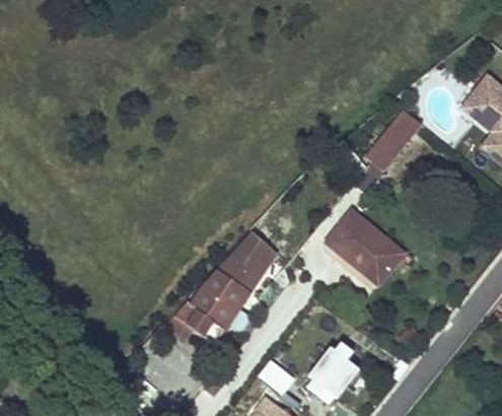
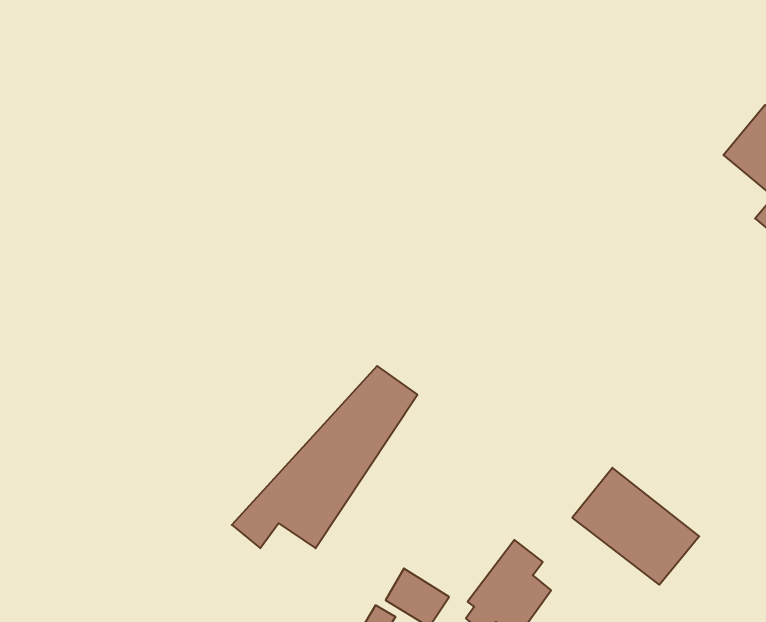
building: [366,111,422,171] -> none
building: [327,211,404,282] -> [572,468,699,585]

